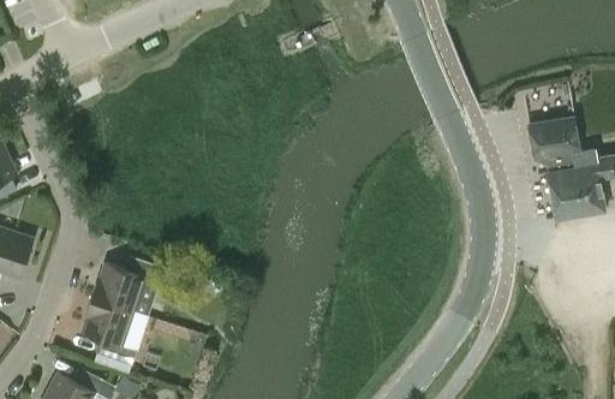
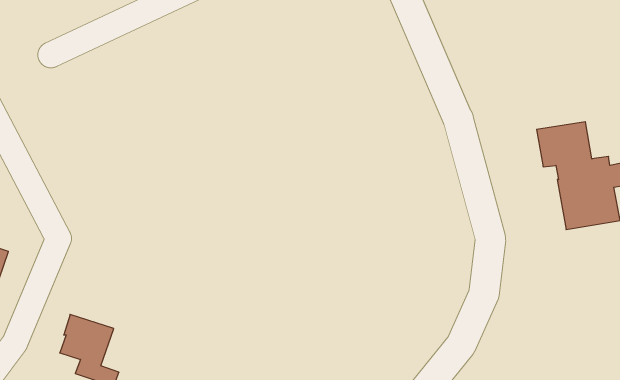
building: [91,255,165,310] -> none

